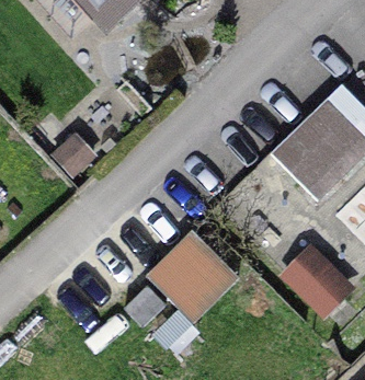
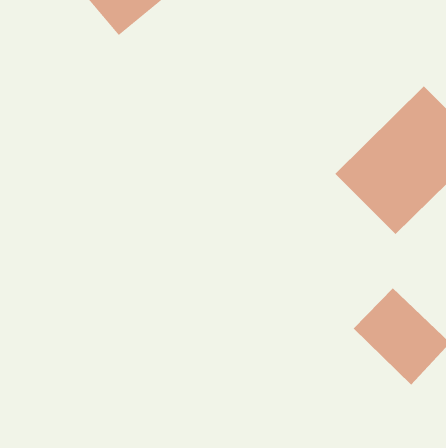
building: [150,229,241,319] -> none

